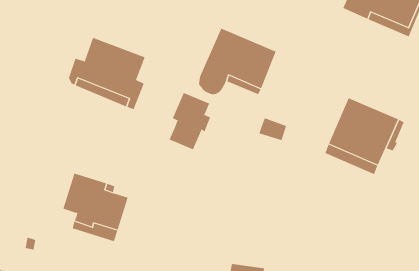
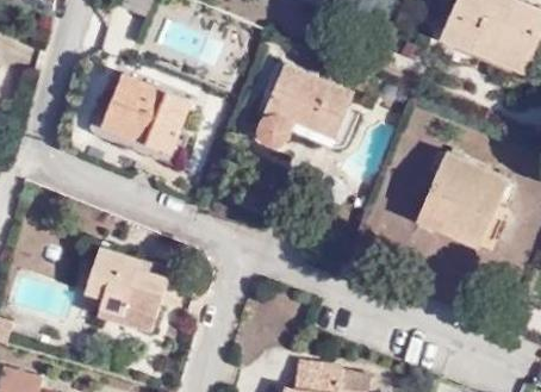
building: [169,92,211,150] -> none

